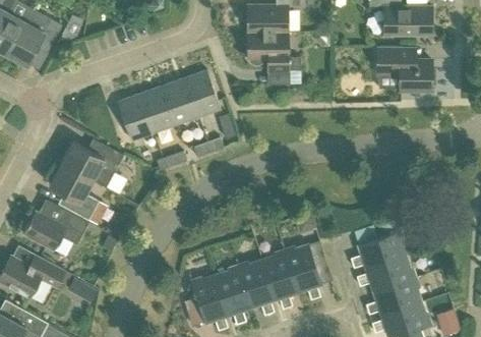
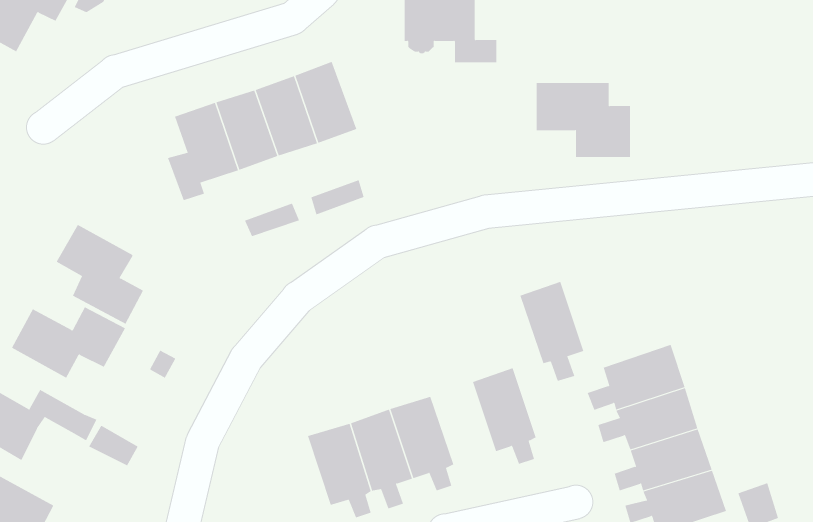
building: [377,47,431,90] -> [536,82,631,158]
building: [61,142,123,188] -> none
building: [261,252,298,310] -> [520,281,584,382]

